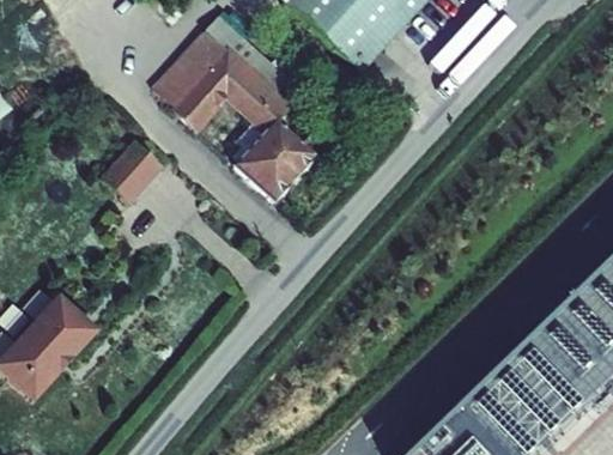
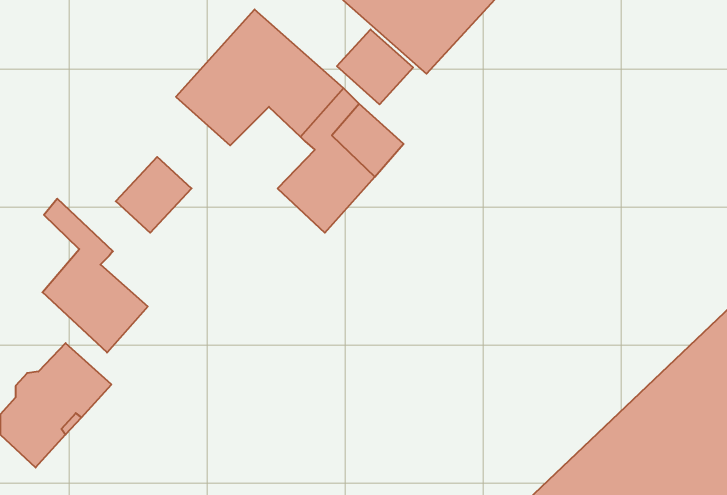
building: none -> [337,29,413,104]
building: none -> [42,199,148,353]

